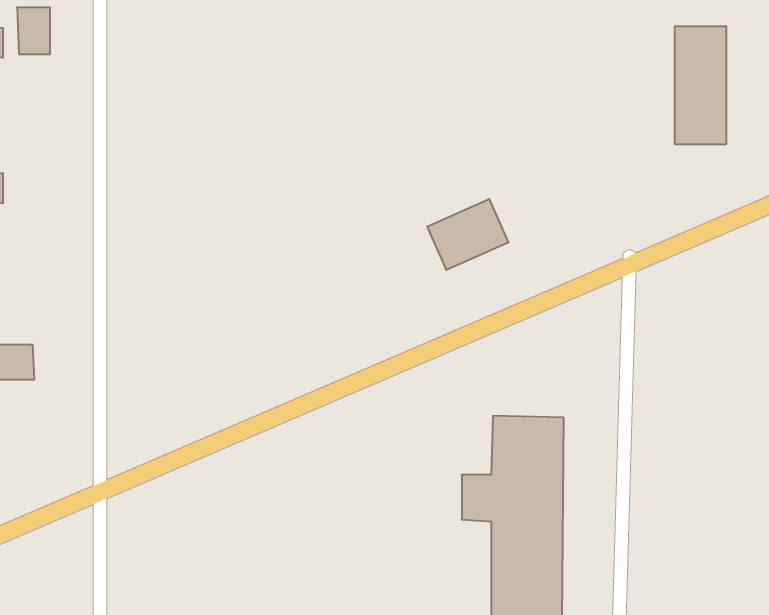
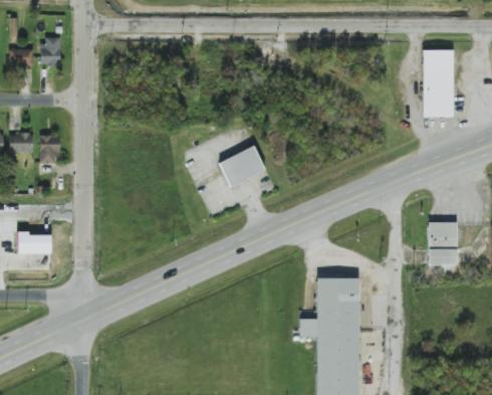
building: none -> [39,136,59,164]
building: [427,199,509,270] -> [218,145,265,186]
building: none -> [428,221,457,273]

